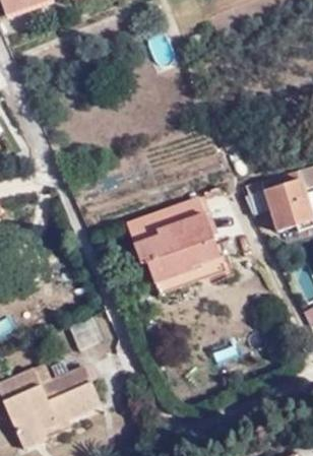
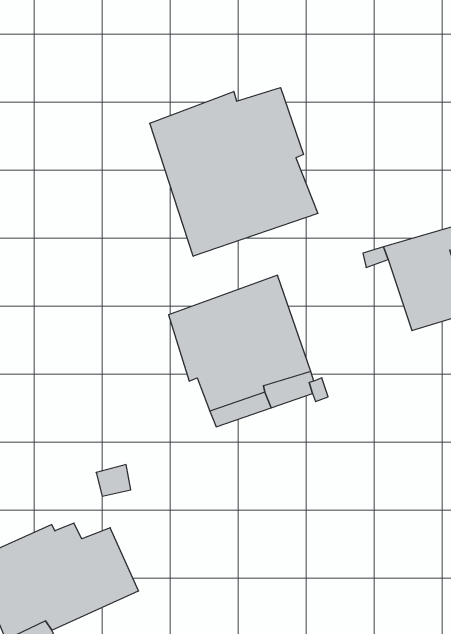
building: none -> [150,88,318,256]

